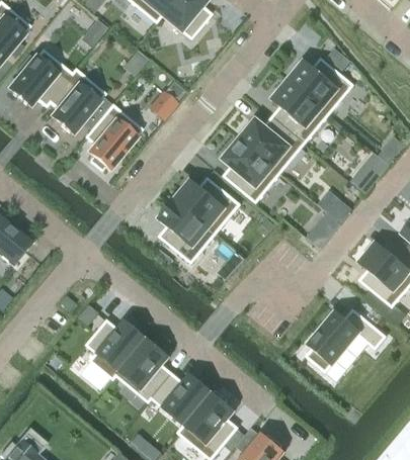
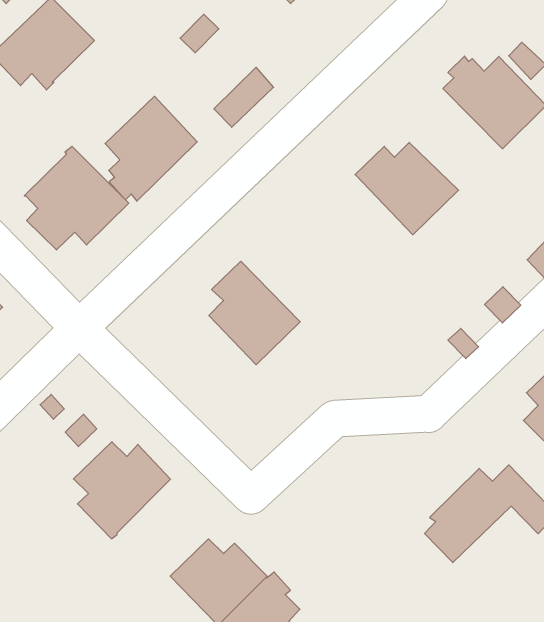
building: [48,68,112,132] -> [24,146,129,250]
building: [271,80,329,142] -> none
building: [222,139,279,201] -> none
building: [175,176,240,233] -> none
building: [116,338,173,401] -> none

